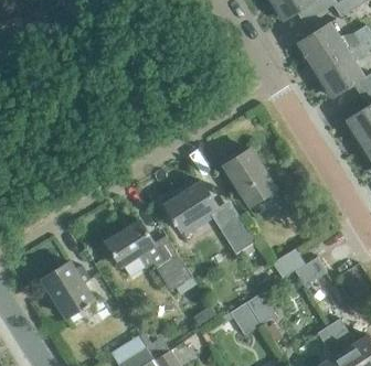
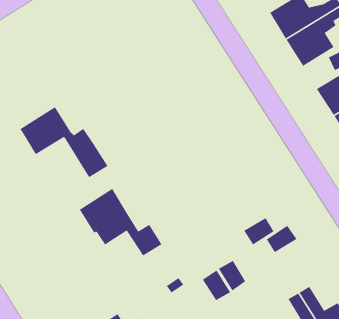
building: [224,148,276,206] -> none
building: [165,181,255,254] -> [19,106,109,178]
building: [42,261,93,316] -> none

